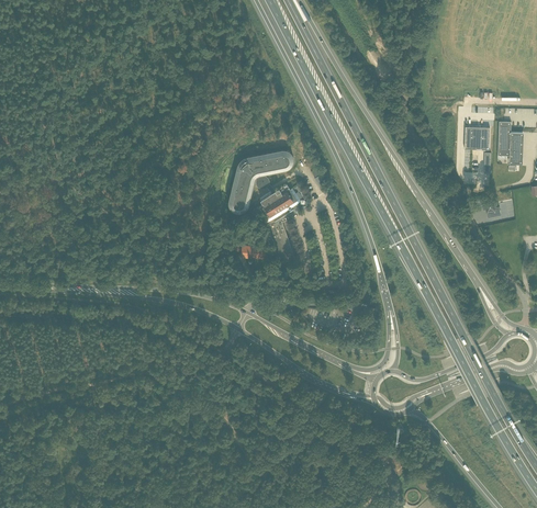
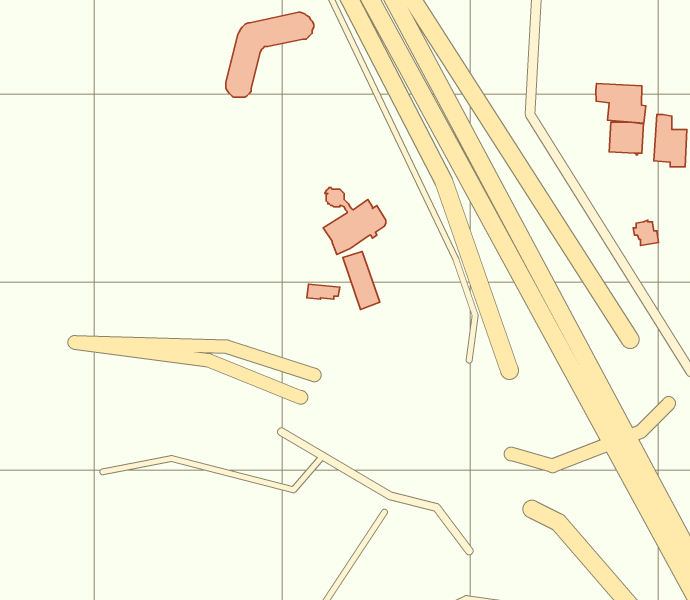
building: none -> [596,84,646,123]
building: [230,150,294,213] -> [226,12,314,97]

